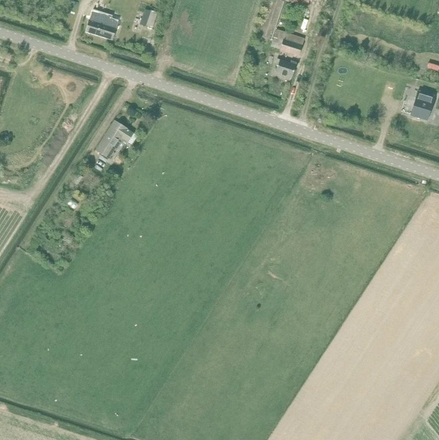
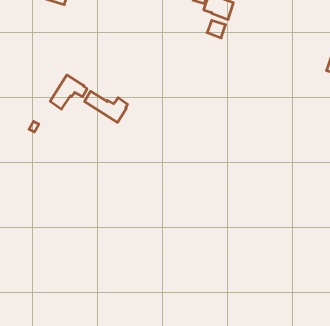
building: none -> [85,91,127,122]

